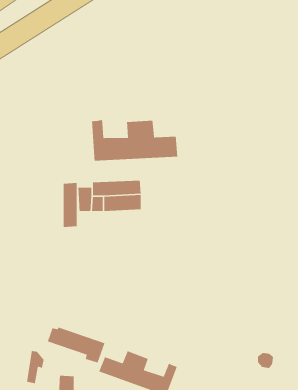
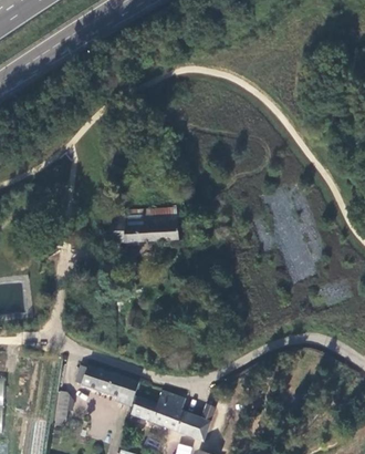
building: [91,119,178,162] -> none
building: [63,182,78,228] -> none

